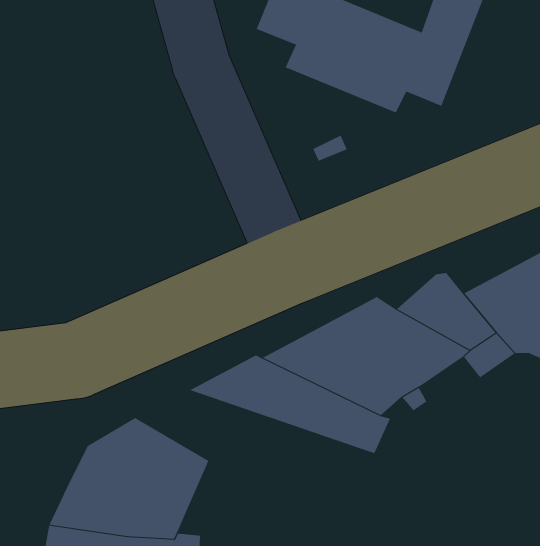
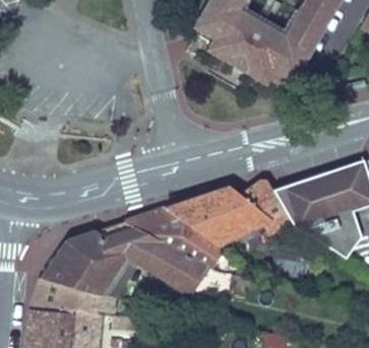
building: none -> [95,221,216,298]

